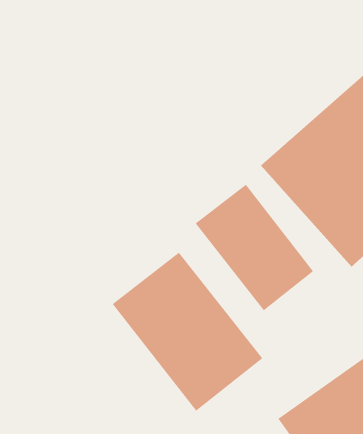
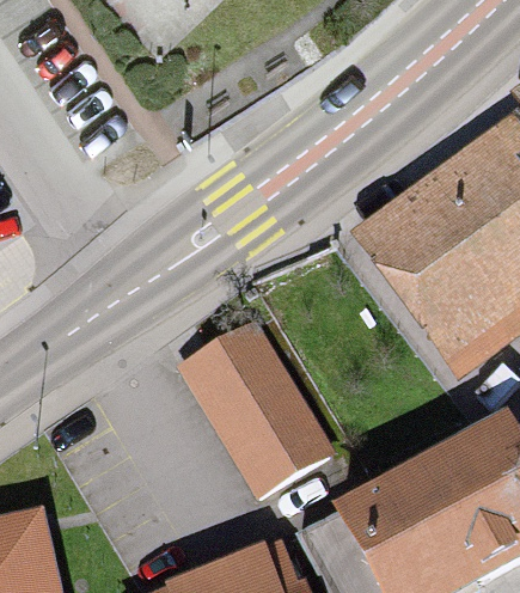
building: [195,184,314,311] -> none

